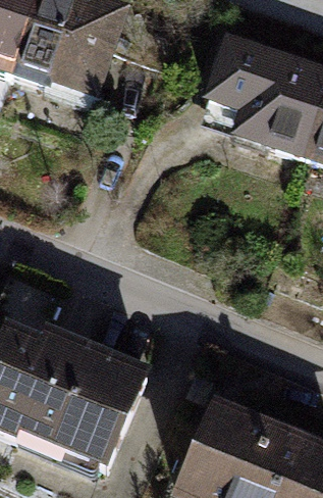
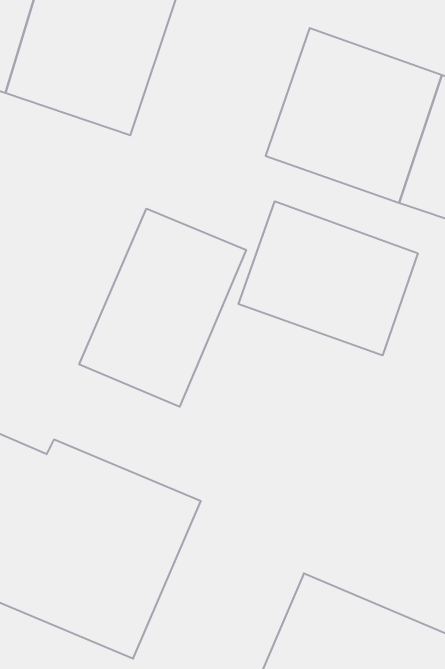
building: none -> [239,201,418,355]
building: none -> [79,209,246,407]

